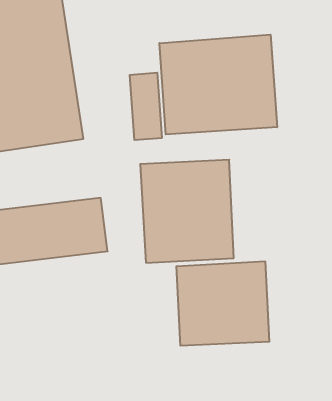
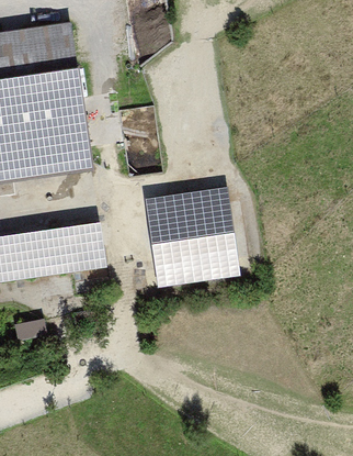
building: [159,35,277,134] -> none
building: [176,261,269,346] -> none

